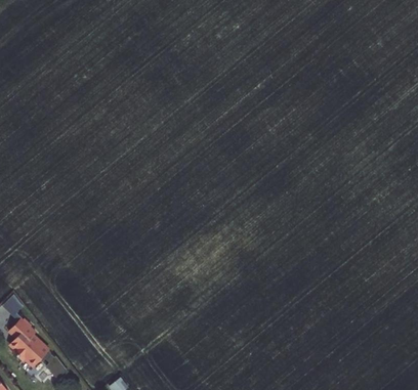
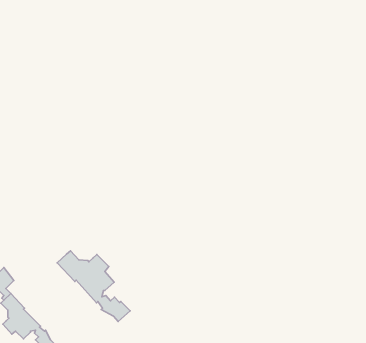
building: none -> [57,251,130,322]

